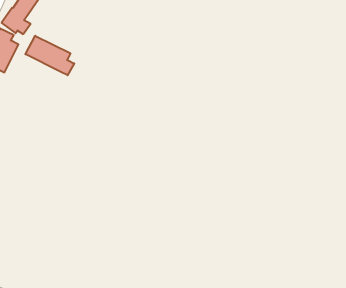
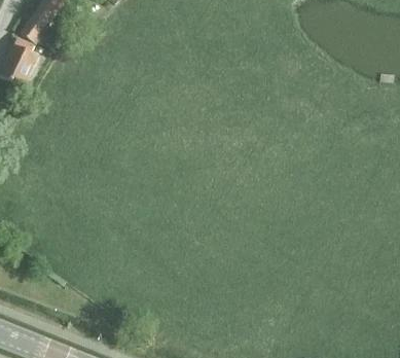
building: [25,36,74,75] -> none

